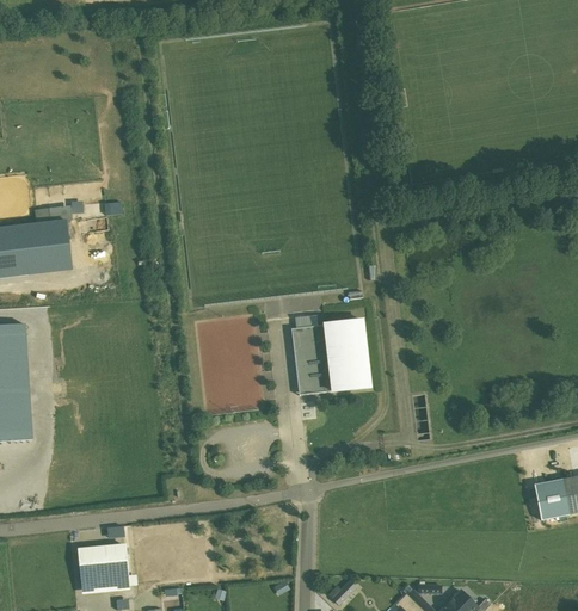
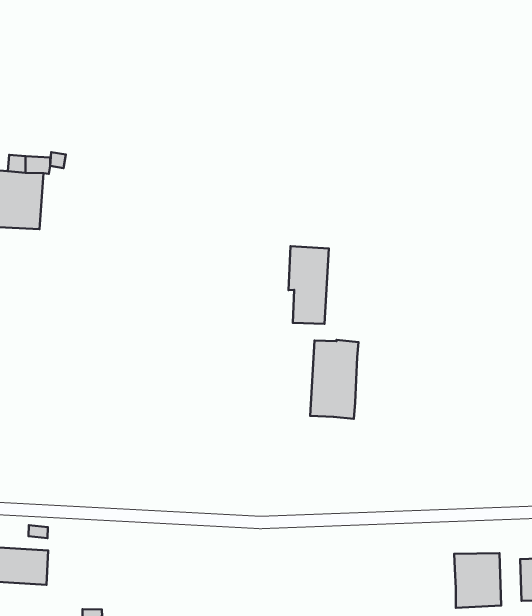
building: [291,325,332,394] -> [289,246,329,324]
building: none -> [454,553,501,608]

